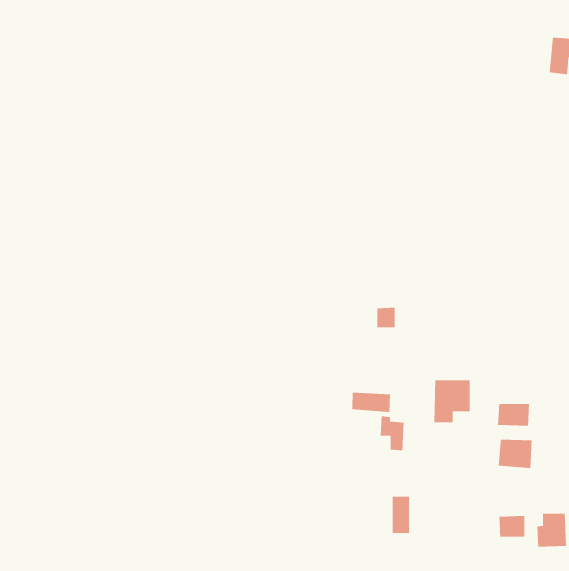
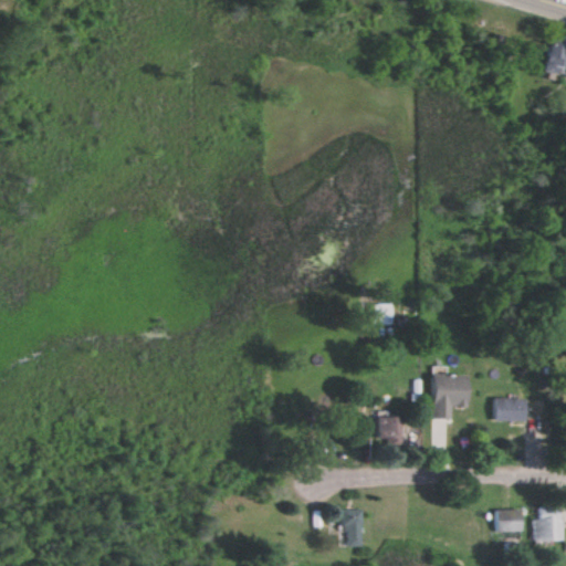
building: [351,392,391,413] -> none
building: [498,439,532,469] -> none
building: [392,496,410,534] -> [344,510,361,547]

